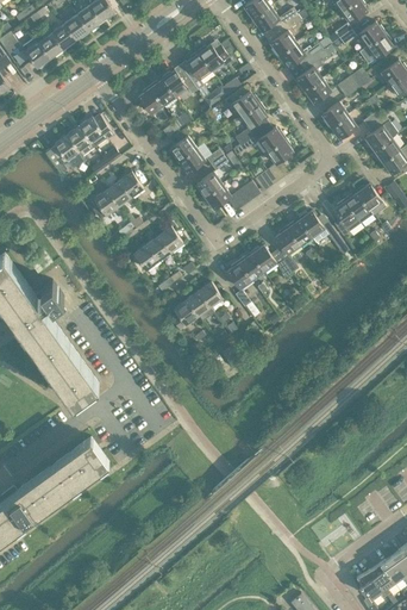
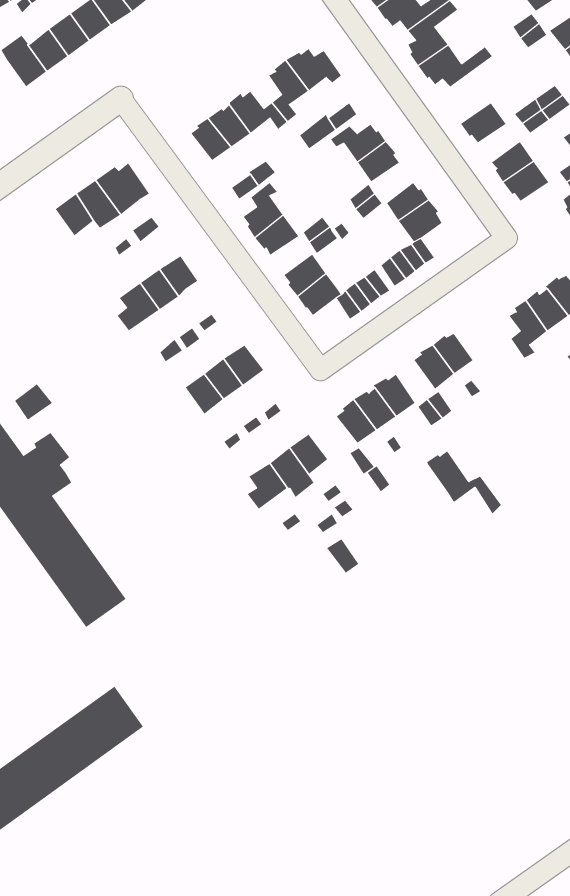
building: [295,50,327,92] -> none
building: [298,211,344,250] -> [426,450,502,514]

